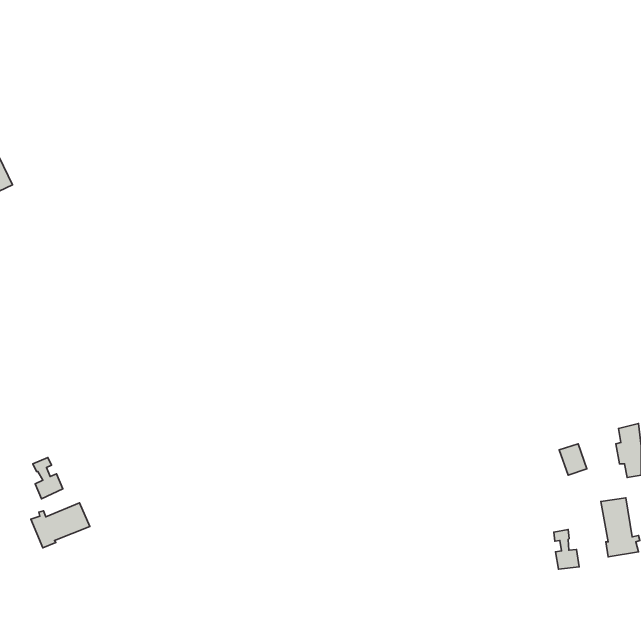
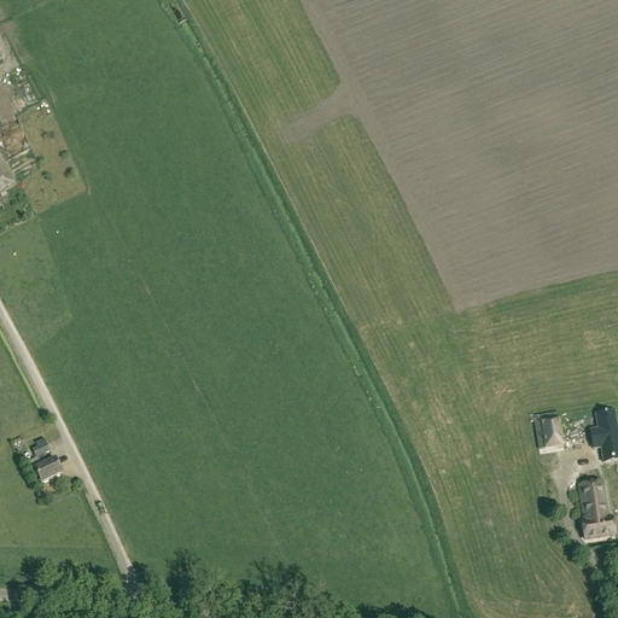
building: [31,503,90,548] -> none
building: [554,530,579,569] -> none

